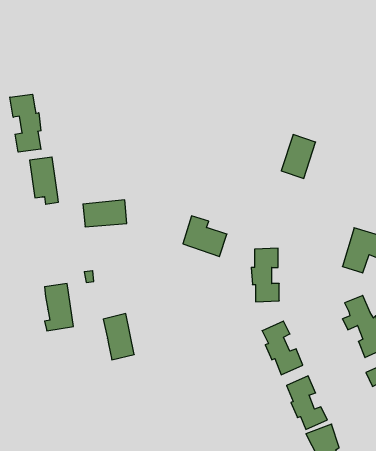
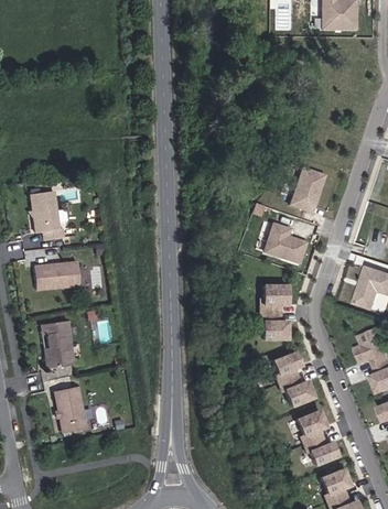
building: [10,94,41,152] -> none
building: [83,200,127,227] -> [35,260,80,288]
building: [183,216,227,257] -> [261,221,306,263]
building: [103,314,134,360] -> [55,385,87,432]

